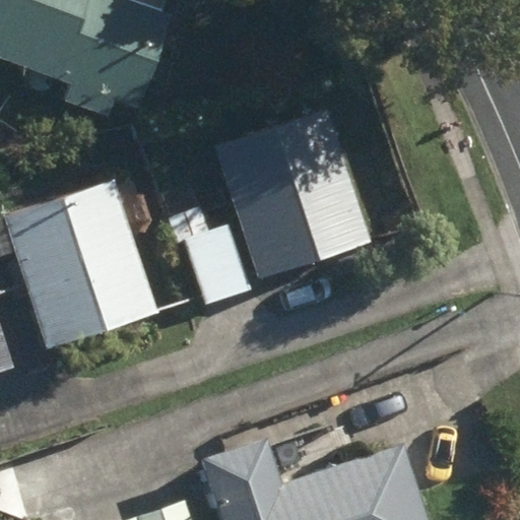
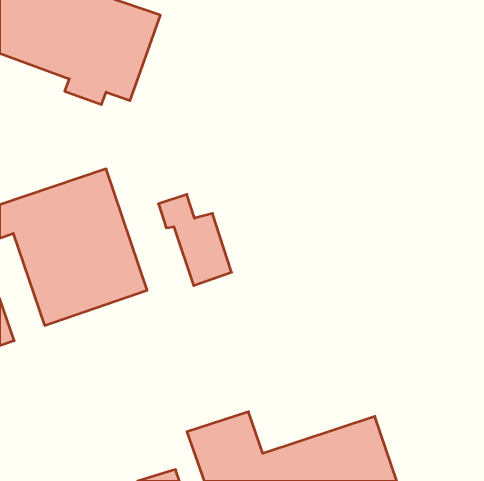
building: [216,113,368,279] -> none

